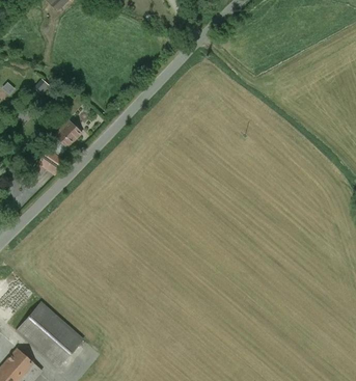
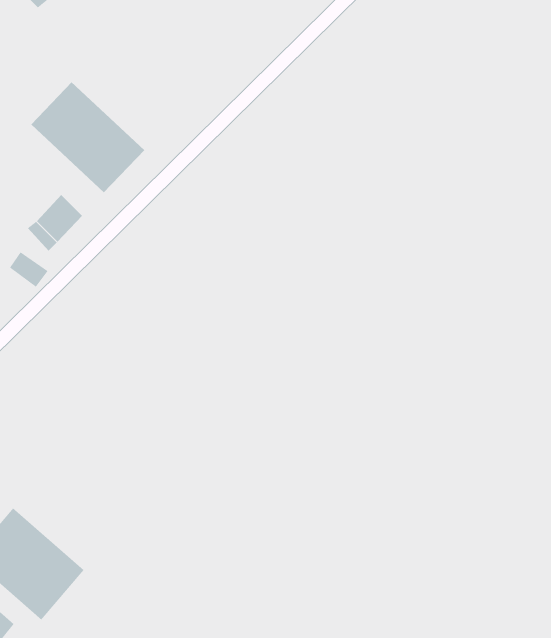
building: none -> [30,82,145,193]

